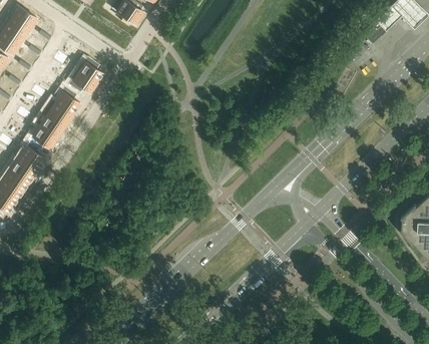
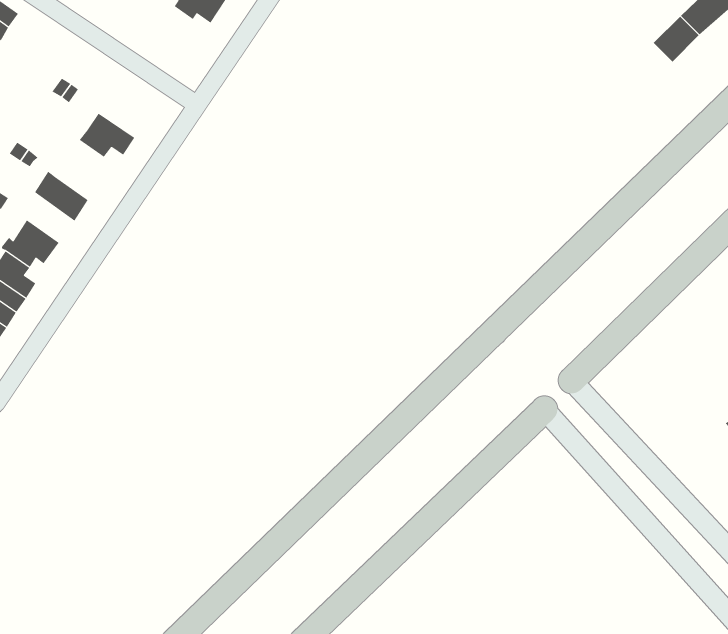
building: [76,55,101,82] -> none
building: [54,85,79,114] -> none
building: [35,110,64,136] -> none

